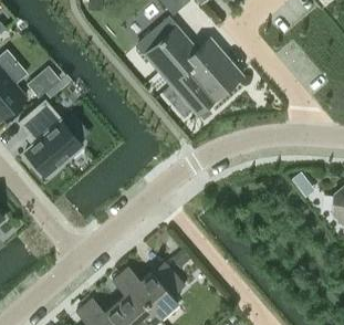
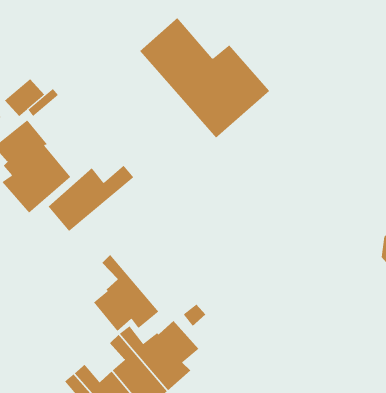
building: none -> [48,165,134,232]
building: none -> [93,254,159,332]

